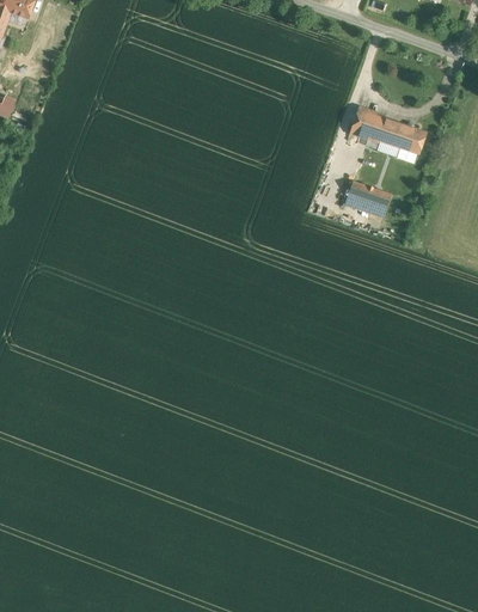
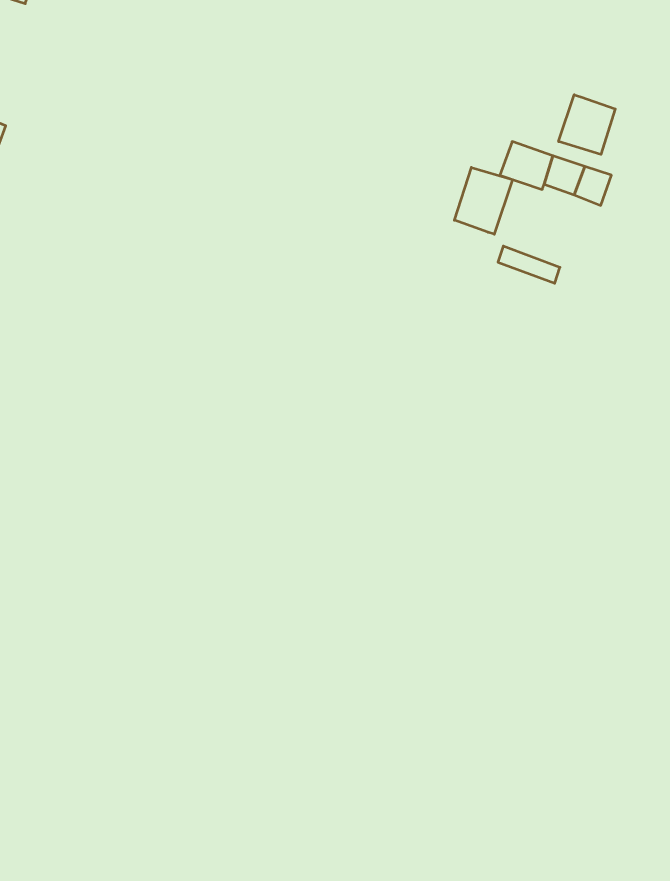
building: none -> [559,95,615,154]
building: none -> [454,167,513,234]

